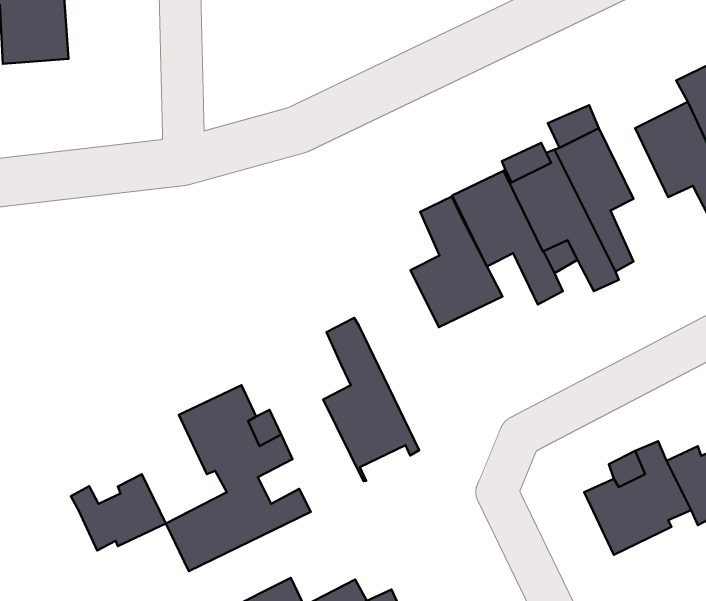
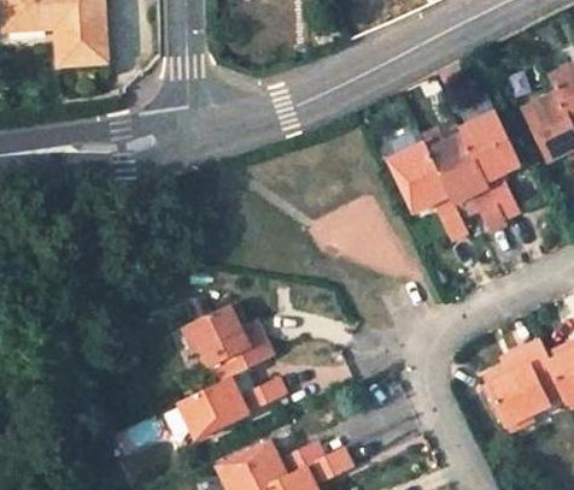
building: [410,196,502,327] -> none
building: [323,318,419,481] -> none
building: [71,474,166,551] -> none

